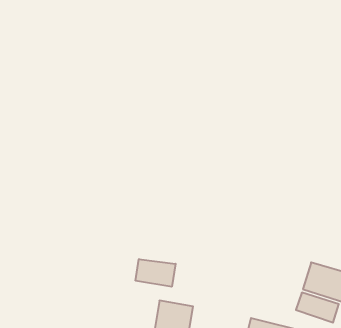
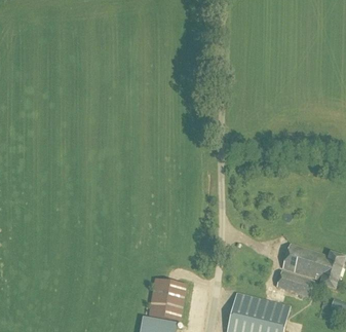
building: [136,259,176,287] -> none

